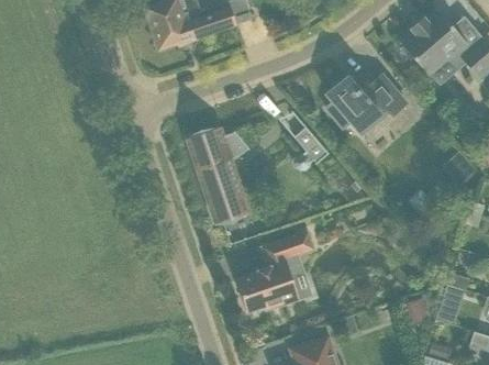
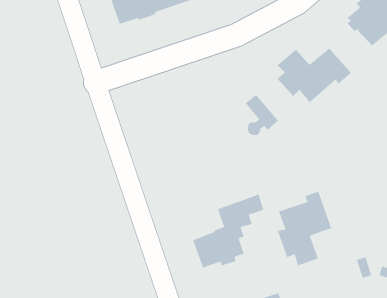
building: [189,129,251,220] -> none
building: none -> [277,190,332,267]

